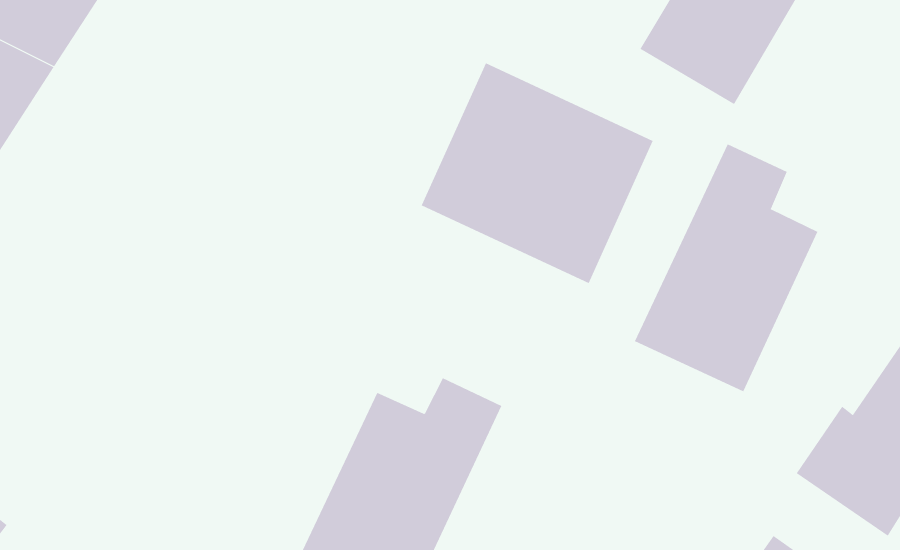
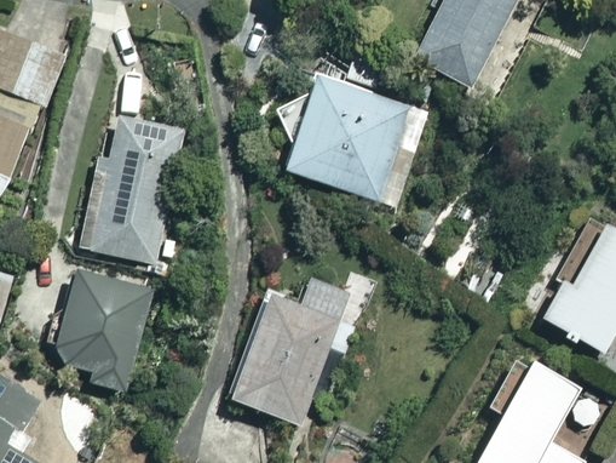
building: none -> [80,116,184,264]
building: [634,144,818,392] -> none
building: none -> [52,270,151,391]

